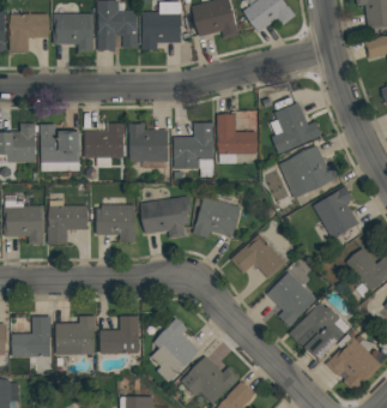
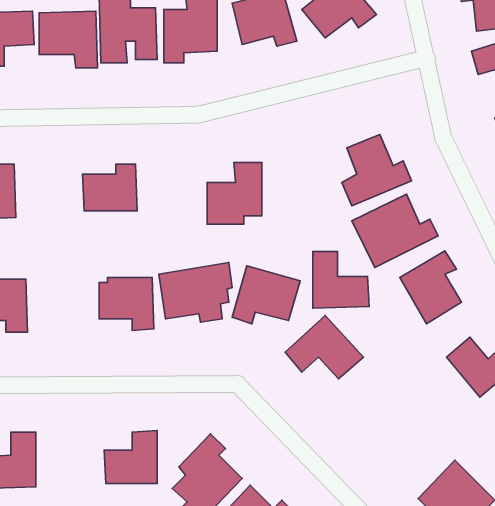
building: [217,114,258,155] -> [313,252,369,308]
building: [40,124,80,162] -> none
building: [128,124,168,162] -> none
building: [48,205,87,245] -> none
building: [267,272,316,326] -> none
building: [289,302,344,360] -> none
building: [55,316,95,354] -> none

